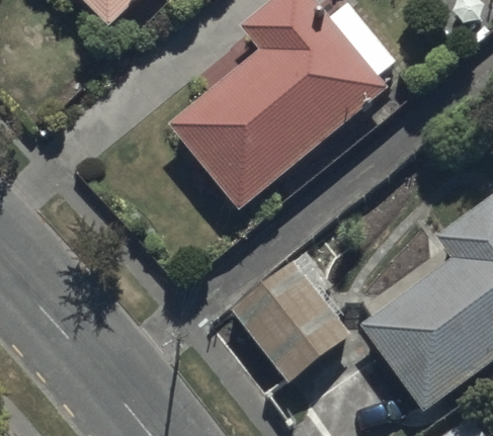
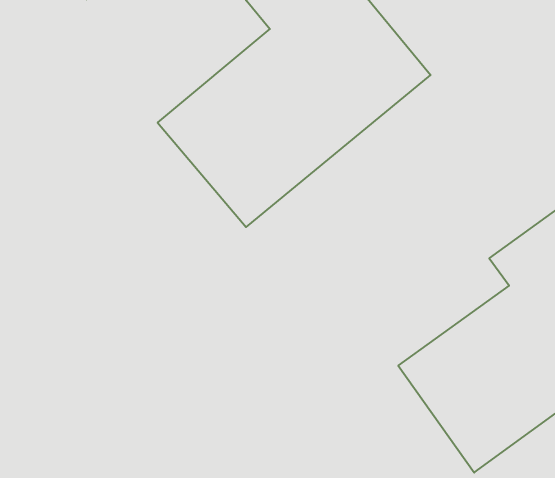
building: [231,263,350,384] -> none

